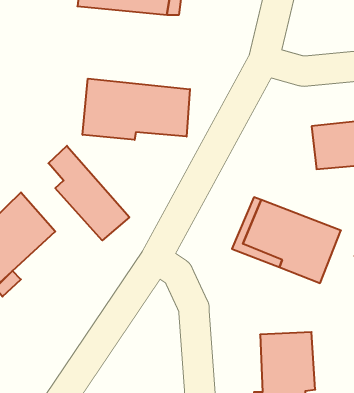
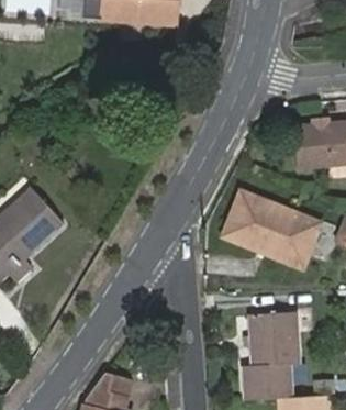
building: [83,79,190,140] -> none
building: [48,146,129,240] -> none

